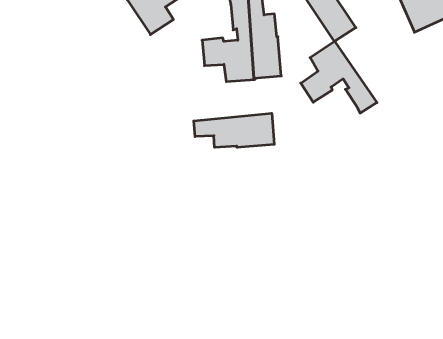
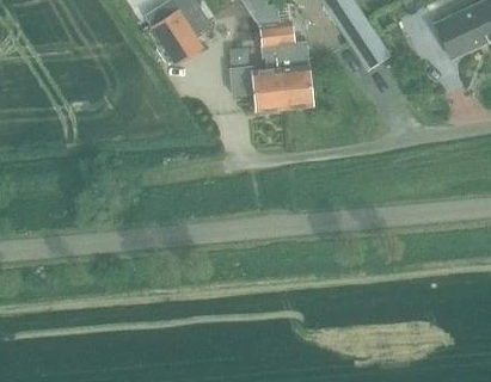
building: [301,41,377,113] -> none
building: [194,113,274,147] -> none

